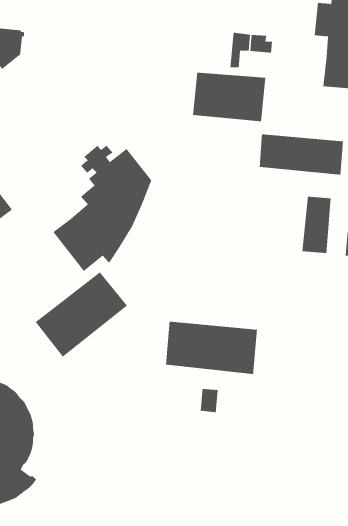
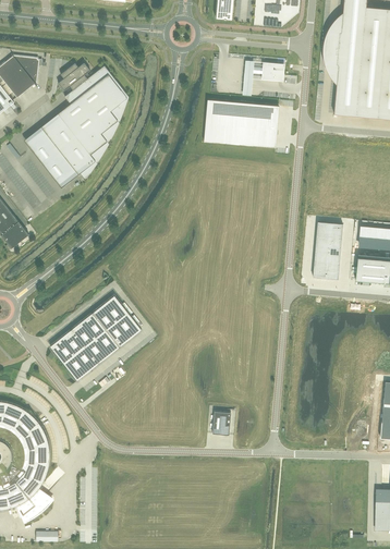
building: [259,134,343,176] -> none
building: [53,145,152,272] -> [29,62,127,187]
building: [165,321,258,375] -> none

